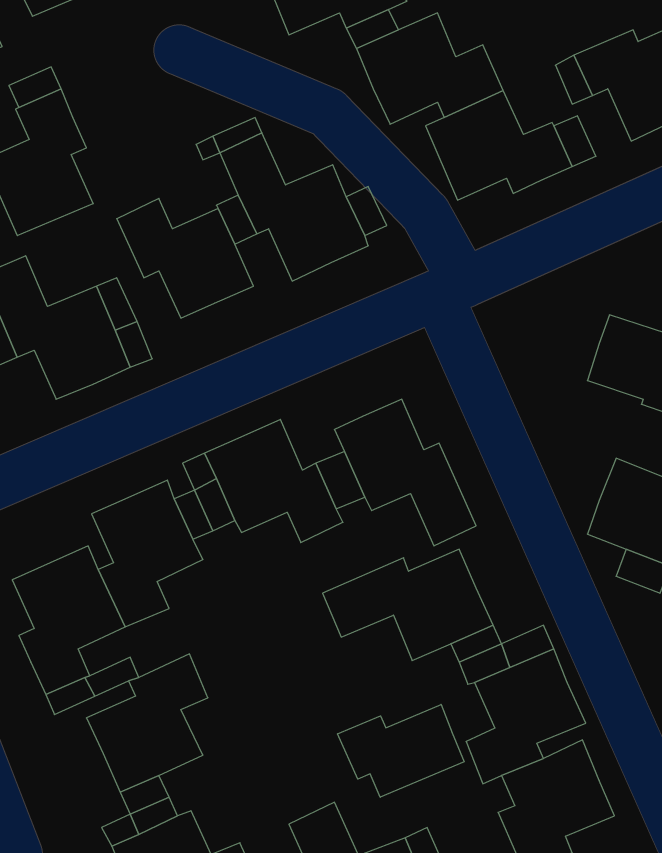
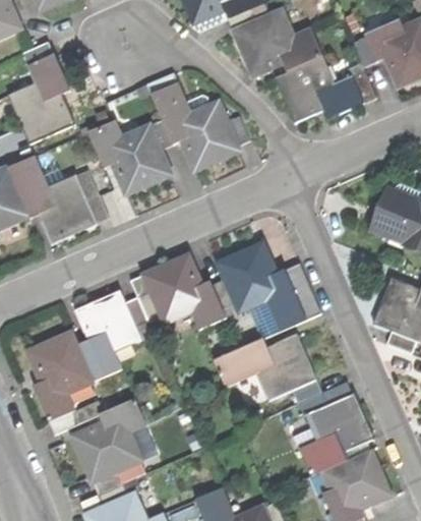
building: [338,704,464,797] -> none

